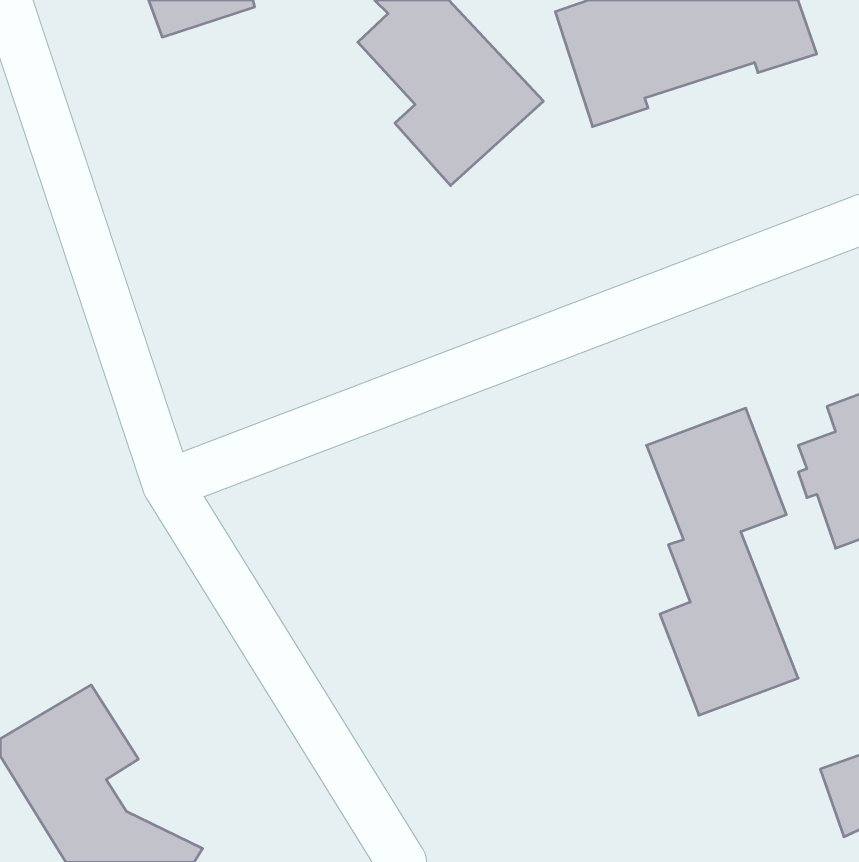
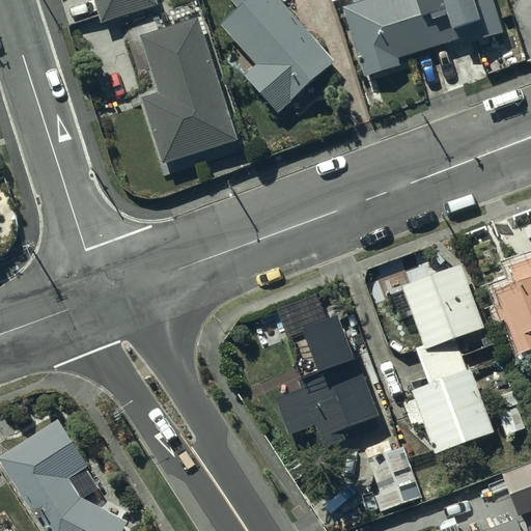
building: none -> [124,16,236,164]
building: none -> [276,295,379,437]
building: none -> [368,447,425,513]

